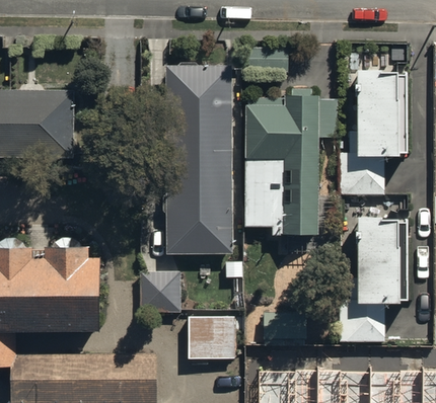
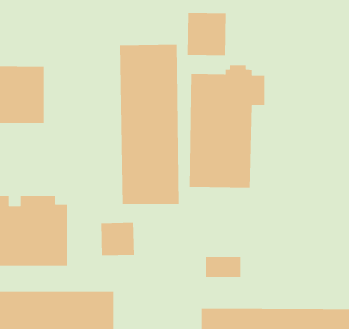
building: none -> [187,12,227,56]
building: [339,69,408,196] -> none
building: [339,214,409,346] -> none
building: [189,318,234,359] -> none

